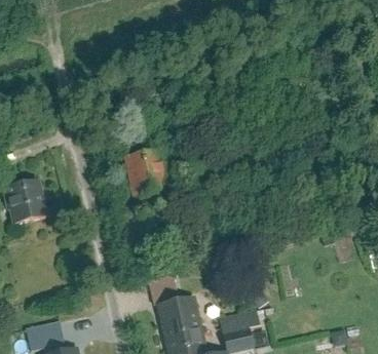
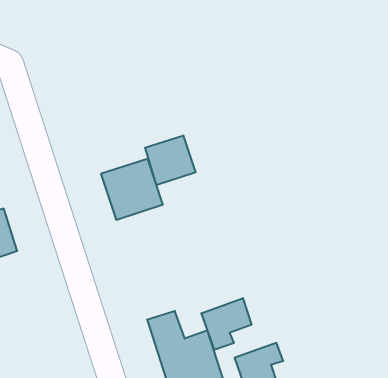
building: none -> [145,135,196,185]
building: none -> [201,298,252,350]

